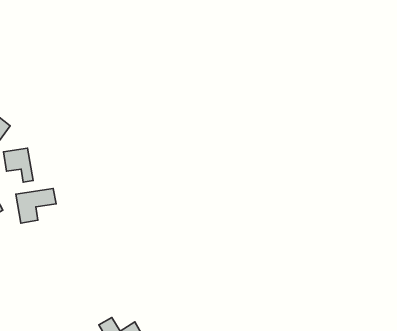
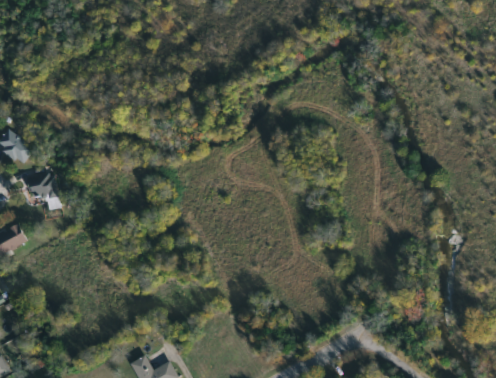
building: [16,188,56,223] -> none

